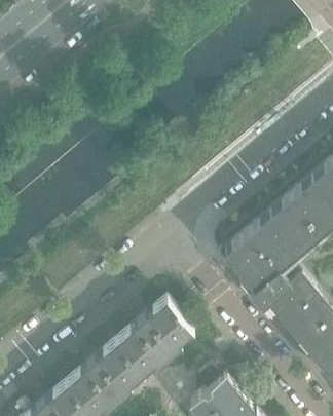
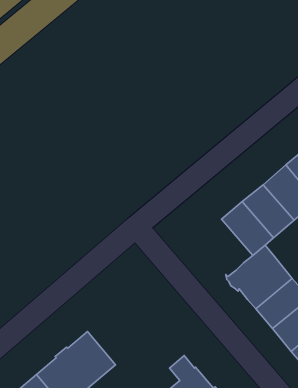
building: [224,235,280,292] -> none
building: [116,303,194,379] -> none

